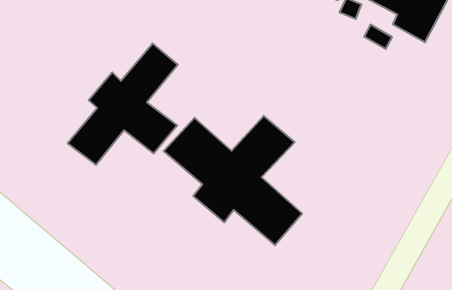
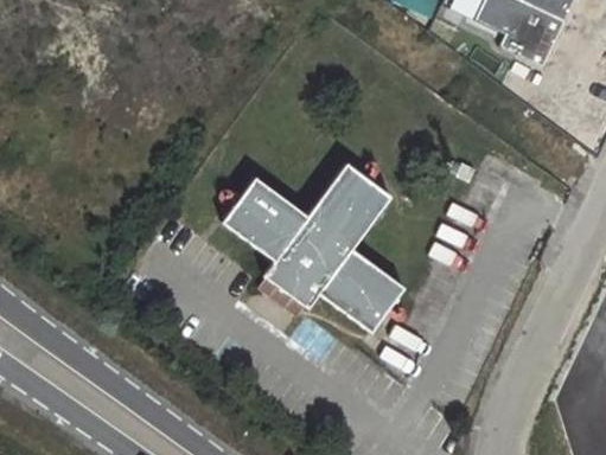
building: [68,43,178,165] -> none

